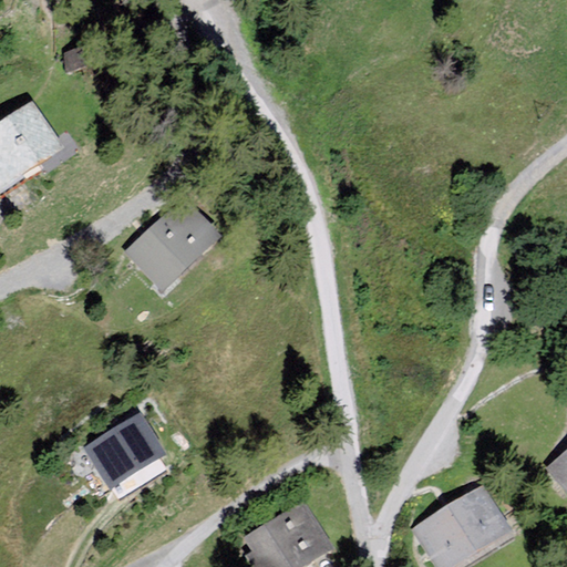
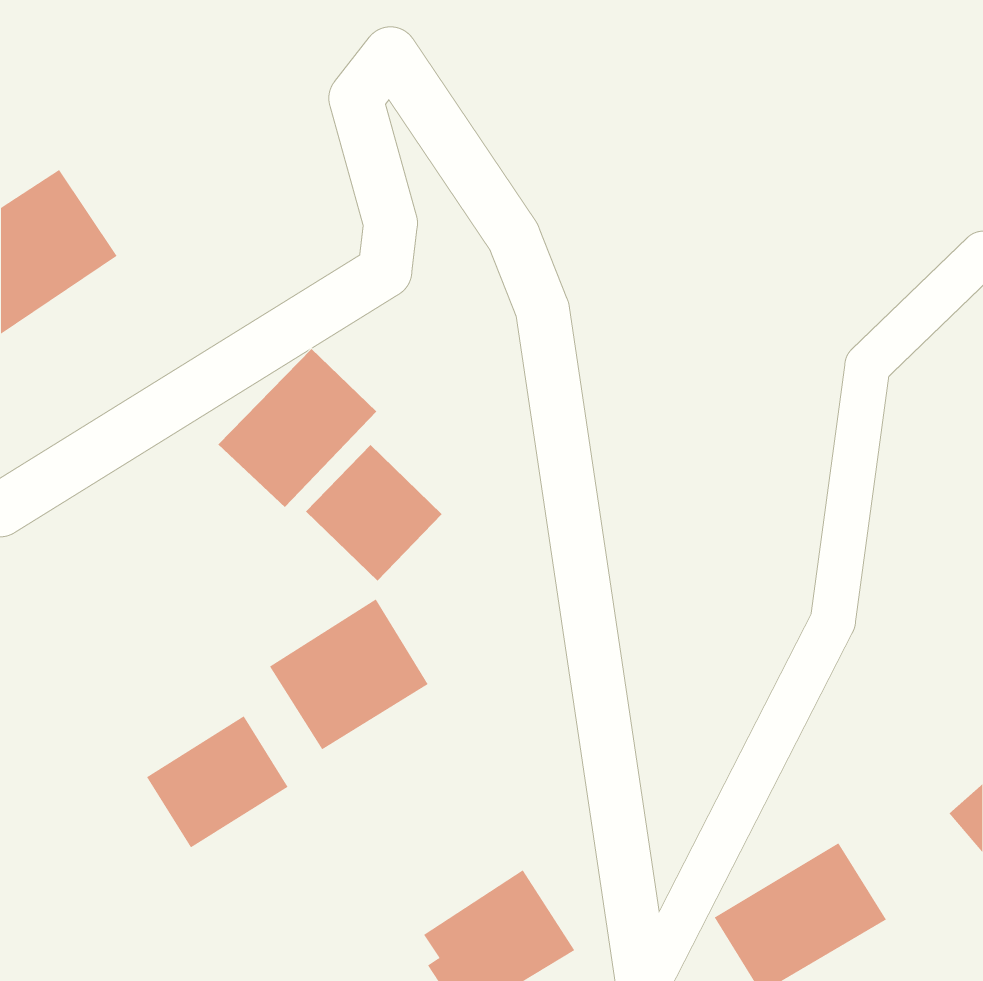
building: none -> [305,444,443,582]
building: none -> [269,598,428,750]

